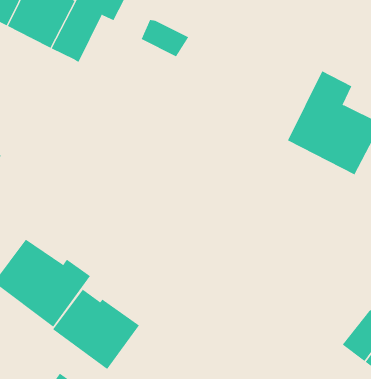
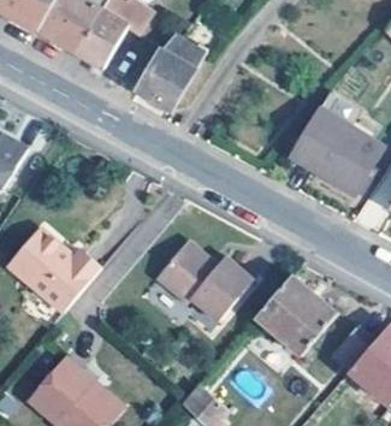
building: none -> [138,51,195,111]
building: none -> [255,274,337,357]
building: [52,289,140,370] -> [147,242,230,320]

